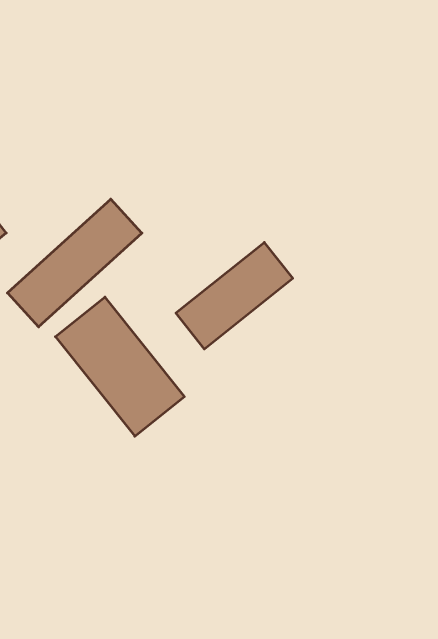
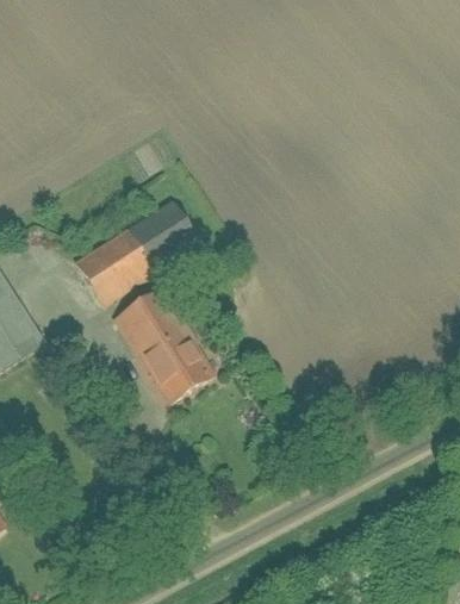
building: [176,242,293,349] -> none

